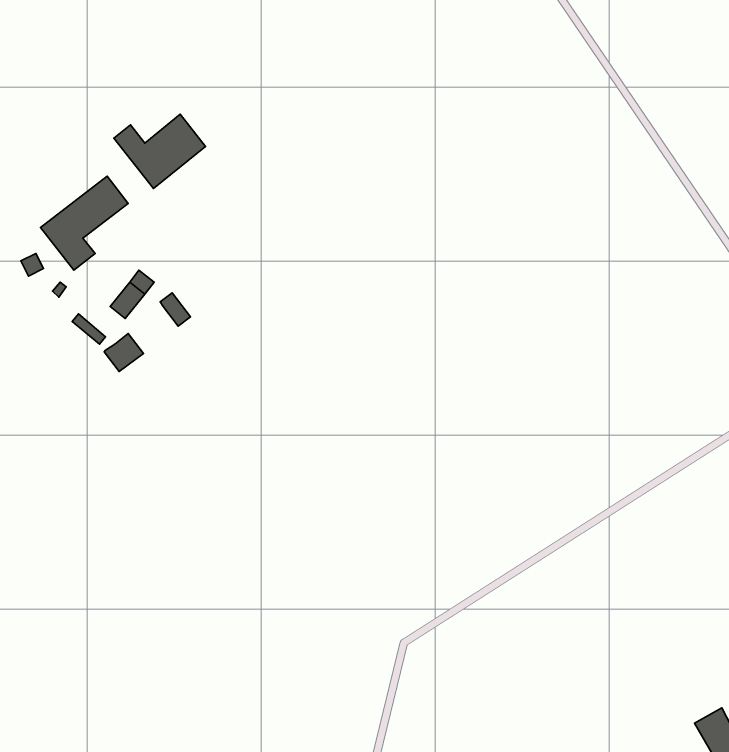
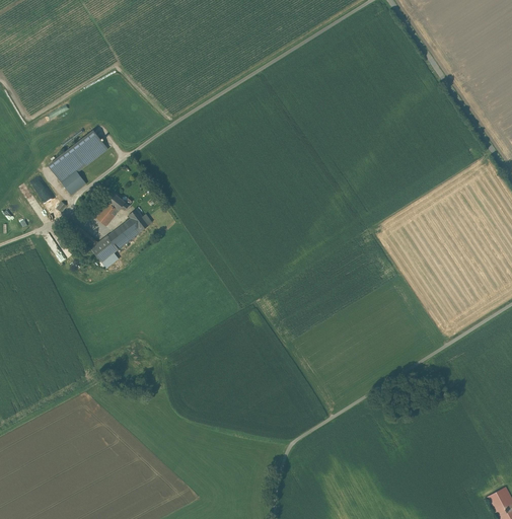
building: [114,114,206,189] -> none
building: none -> [107,219,141,250]

